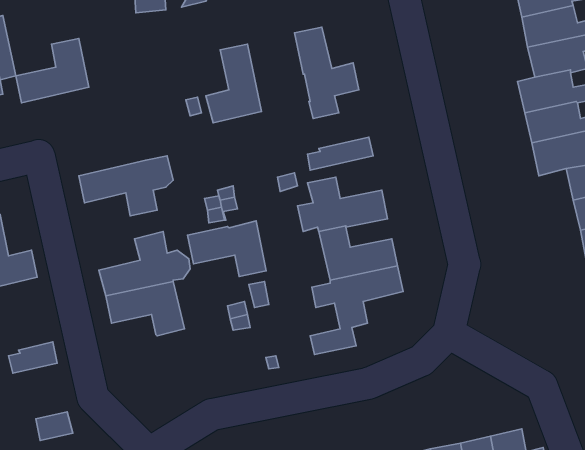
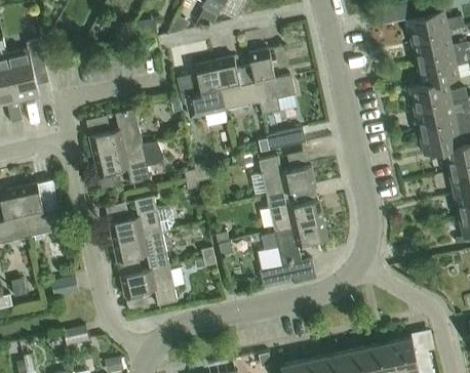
building: [16,38,89,103] -> [90,110,143,156]
building: none -> [216,57,261,110]
building: [188,221,266,277] -> [121,265,178,305]

